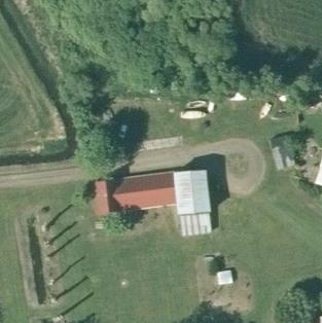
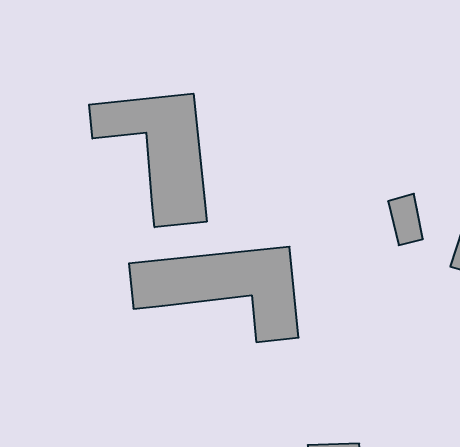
building: none -> [89,94,207,227]

